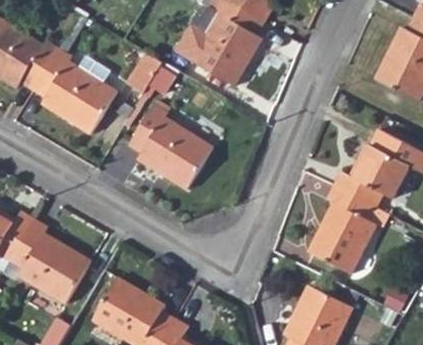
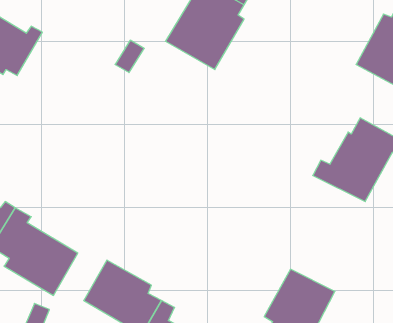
building: [34,45,122,133] -> none
building: [132,103,219,188] -> none
building: [307,189,382,274] -> none

